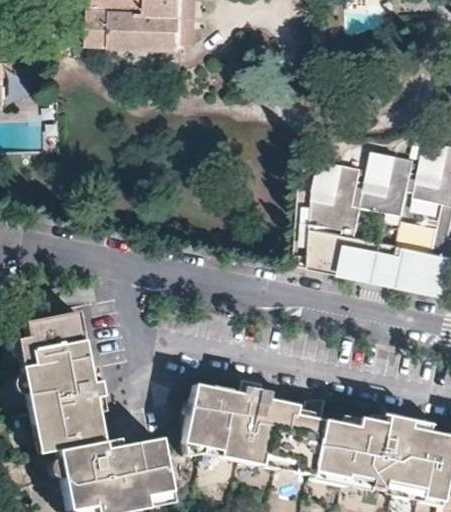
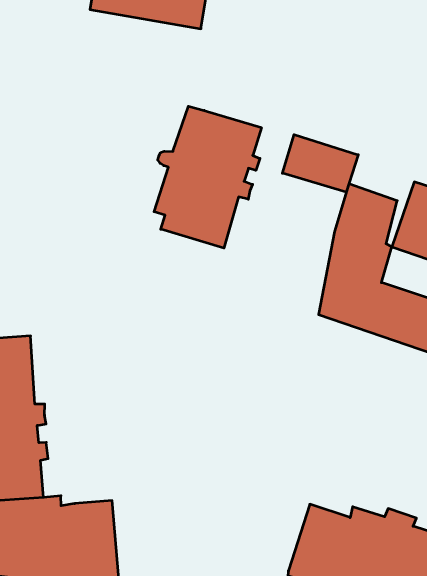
building: none -> [154,106,261,248]
building: none -> [282,135,358,192]
building: [182,381,324,477] -> none

